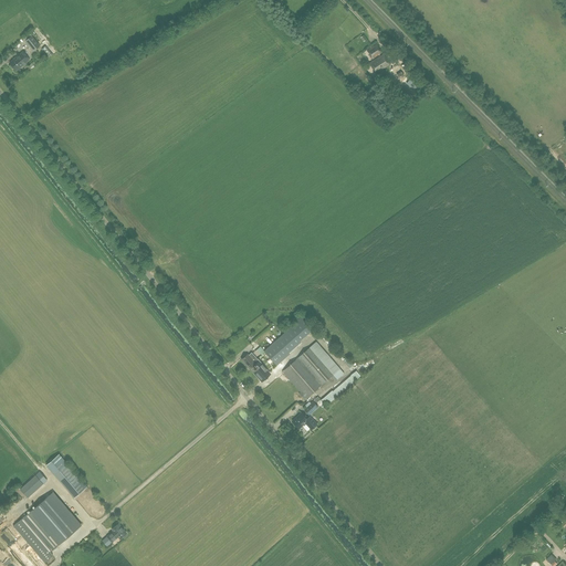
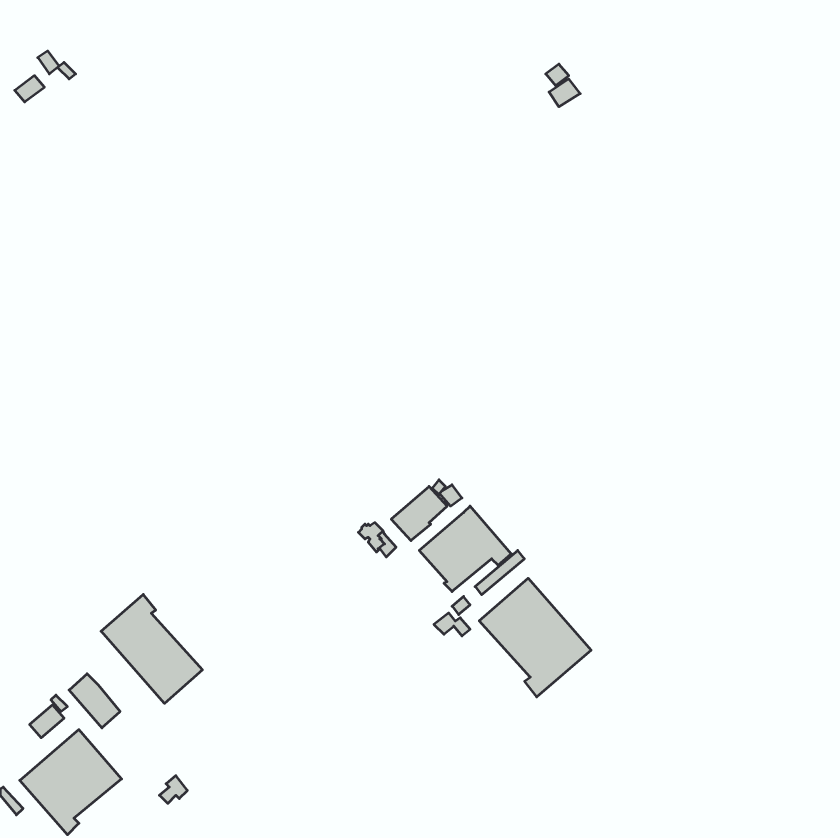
building: none -> [479,578,591,697]
building: none -> [101,594,202,703]

